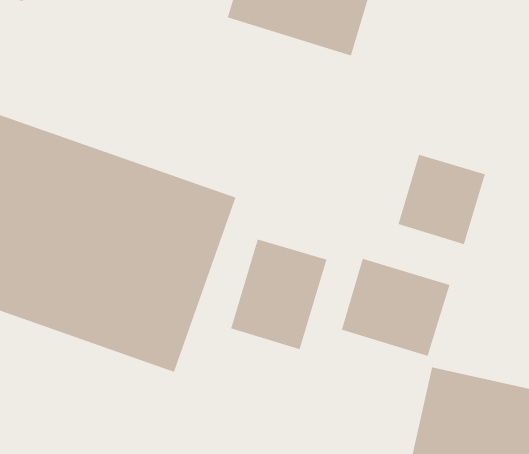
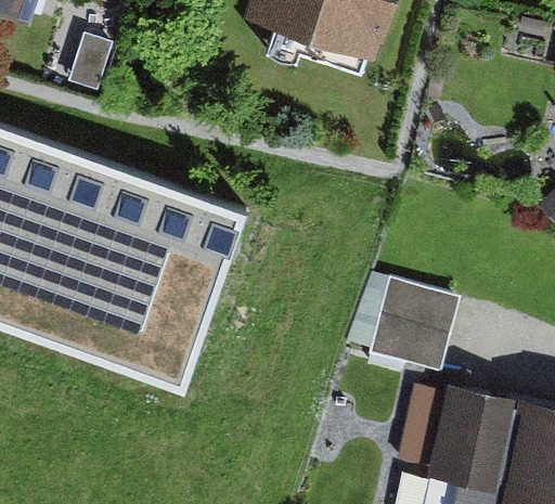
building: [397,154,486,245] -> none
building: [230,238,328,350] -> none

